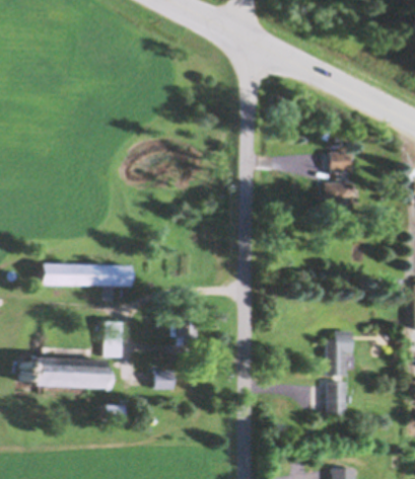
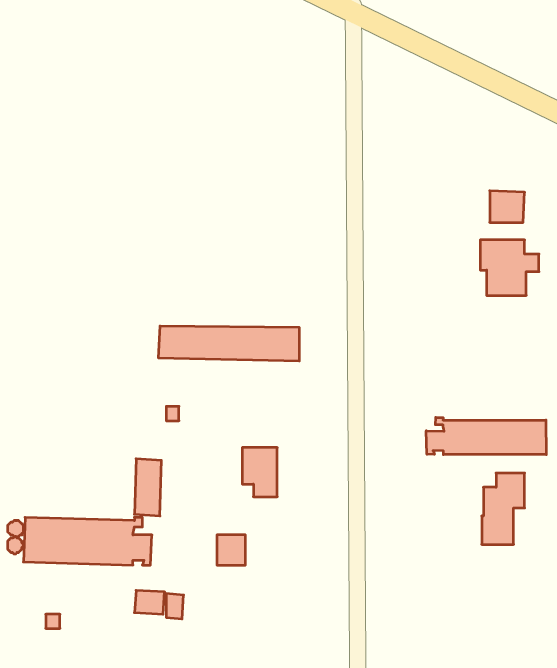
building: [43,263,133,286] -> [158,326,299,361]
building: none -> [426,417,546,455]
building: [327,382,346,415] -> none

